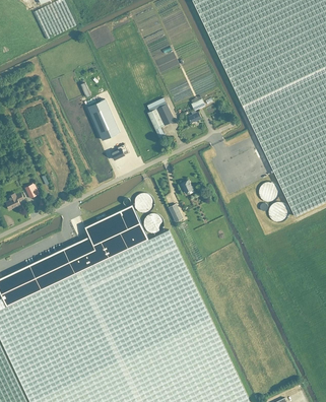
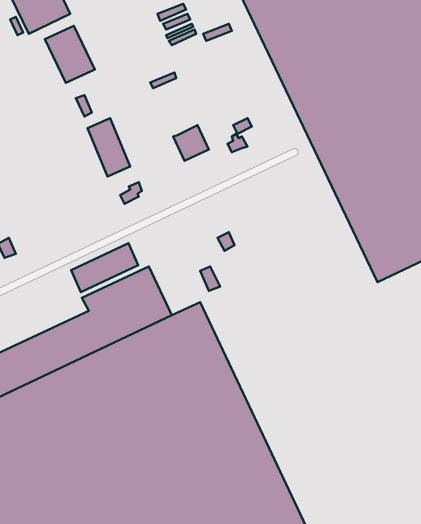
building: none -> [45,26,95,83]
building: none -> [71,243,138,292]

